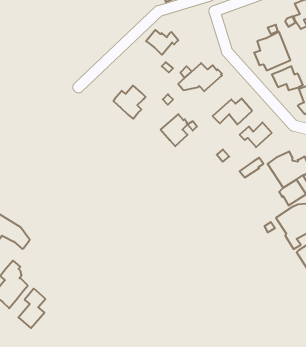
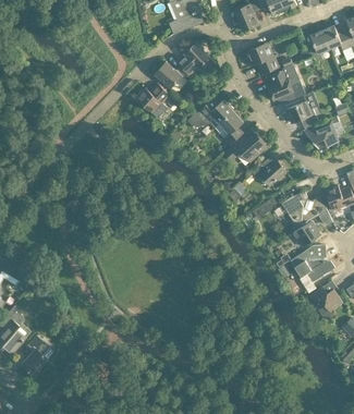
building: none -> [176,42,209,76]
building: none -> [246,44,278,74]
building: [113,86,146,119] -> [136,83,170,118]
building: [161,114,188,146] -> [215,111,243,145]

